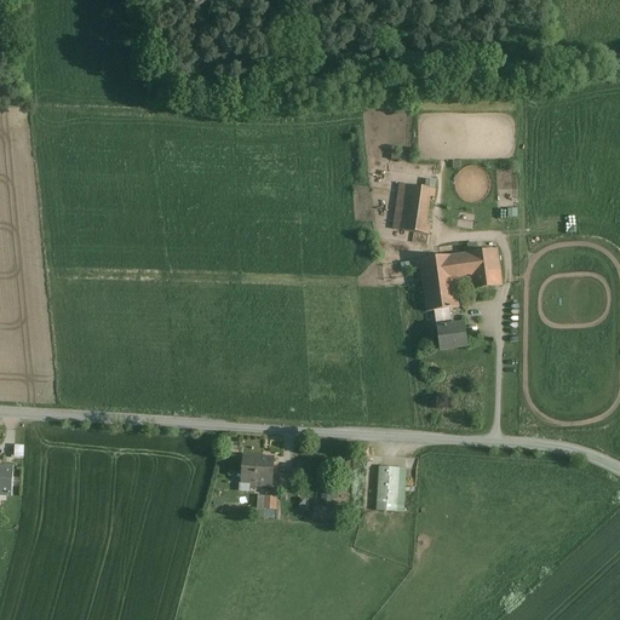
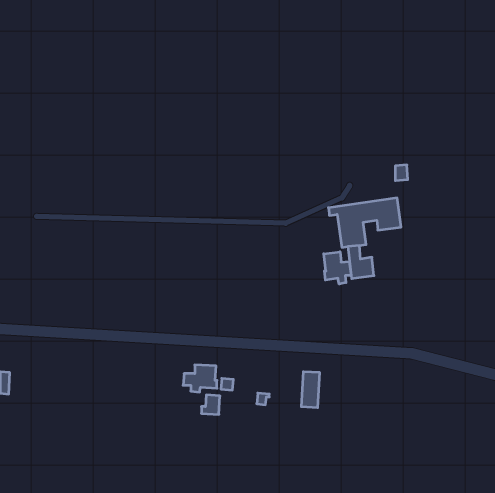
building: [394,180,435,231] -> none
building: none -> [324,252,351,284]

